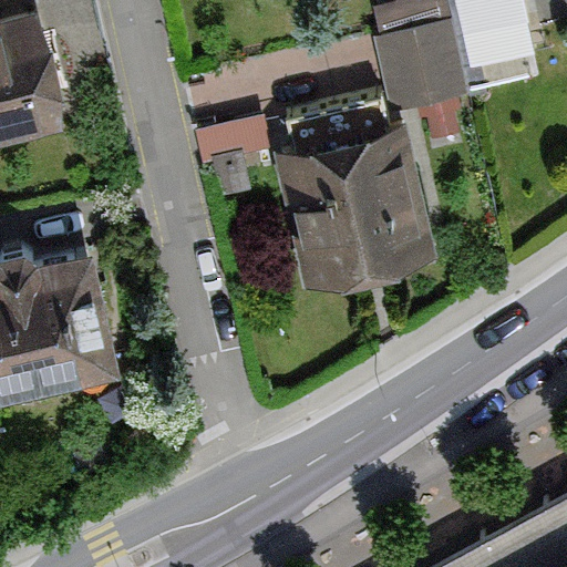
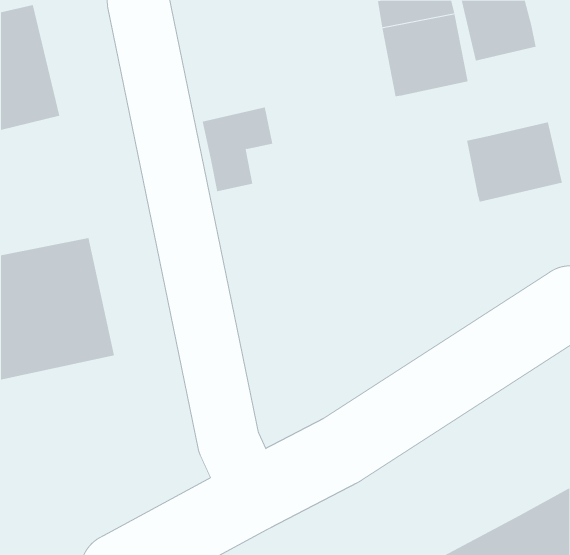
building: [279,103,432,284] -> none
building: none -> [466,121,562,203]

